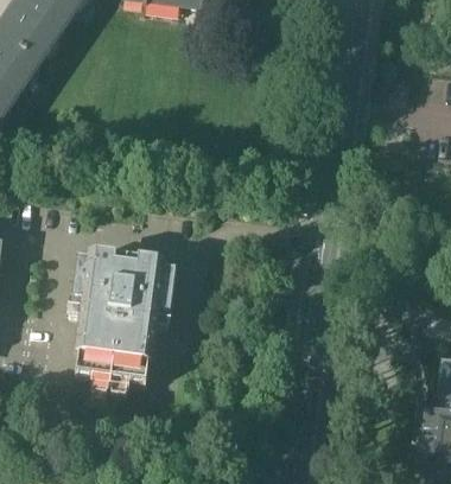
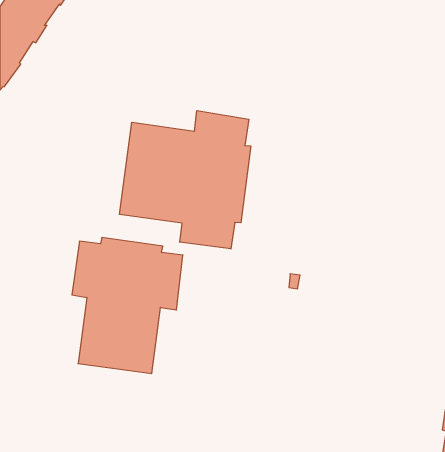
building: none -> [119,111,251,249]

